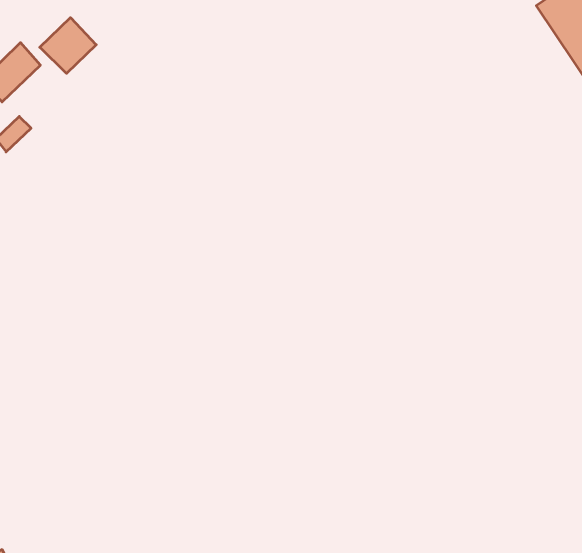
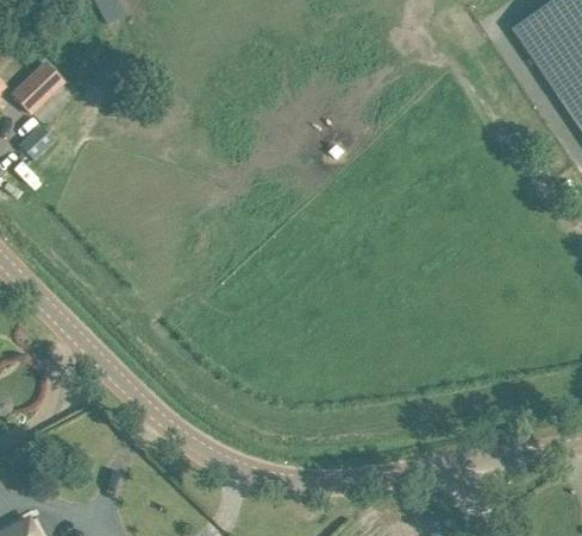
building: [40,18,96,73] -> none

